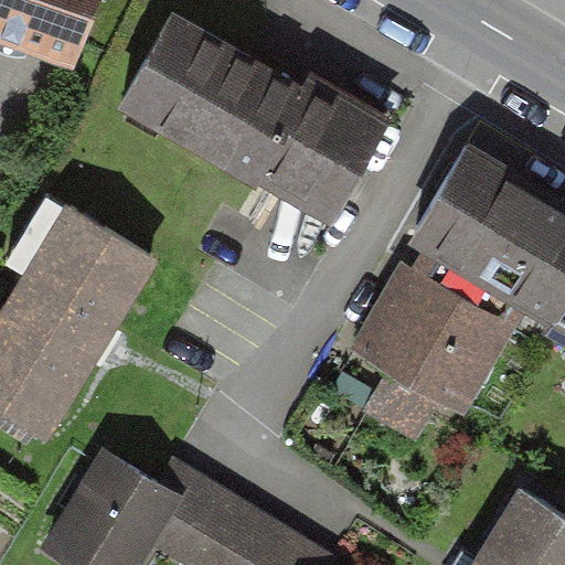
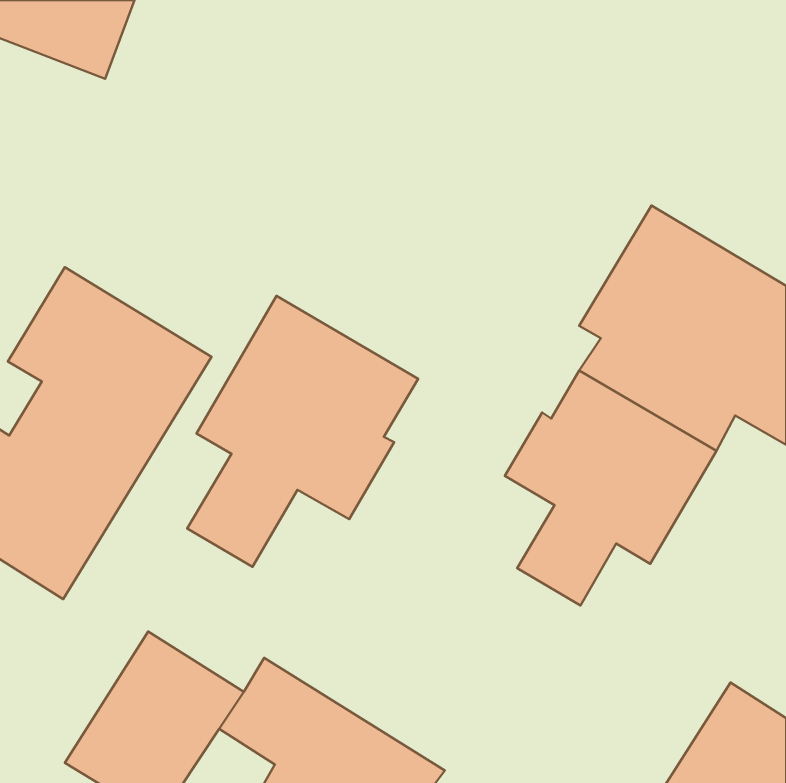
building: [122,17,385,209] -> none
building: none -> [187,296,418,567]

